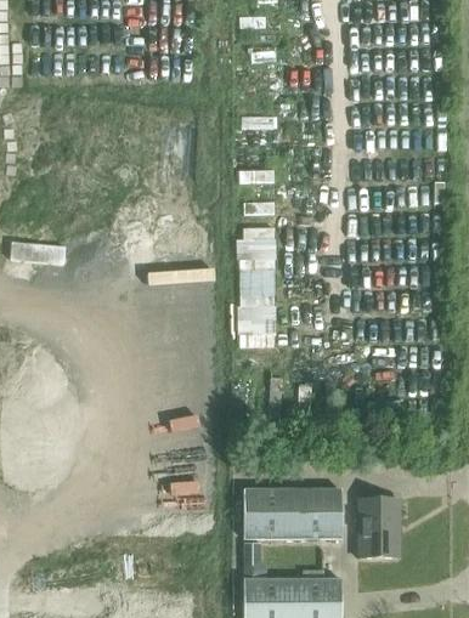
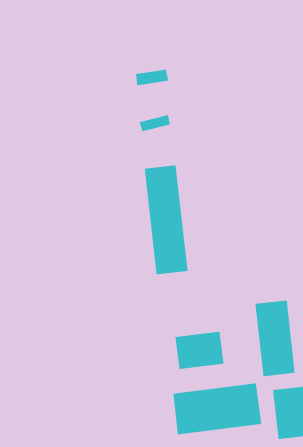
building: none -> [254,300,296,377]
building: none -> [175,331,225,370]

